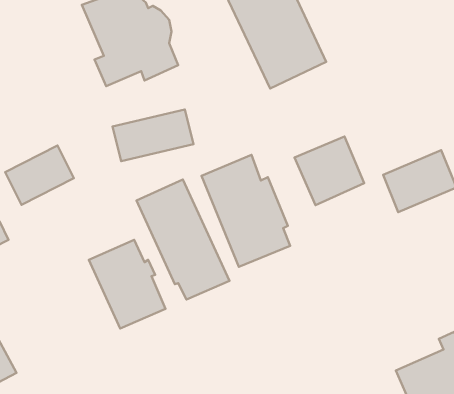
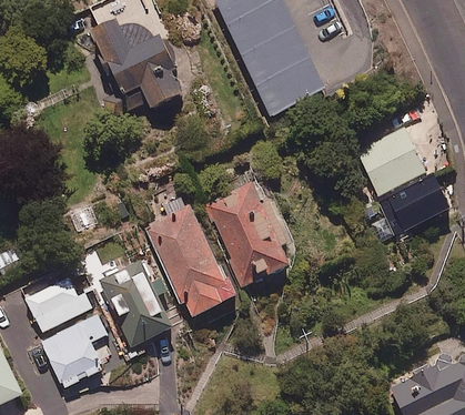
building: [113,110,193,161] -> none
building: [294,137,364,205] -> [355,125,422,191]
building: [5,145,74,205] -> [24,274,90,331]
building: none -> [40,314,104,387]

